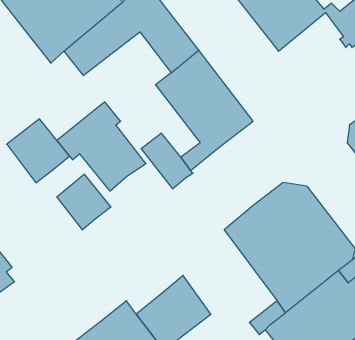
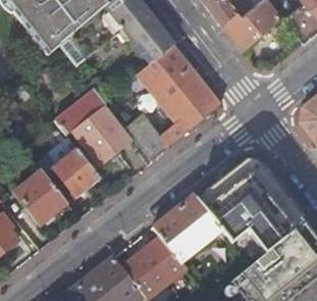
building: [7,119,69,183] -> [14,170,67,224]
building: none -> [154,193,222,269]

